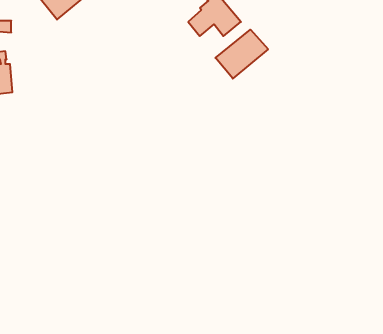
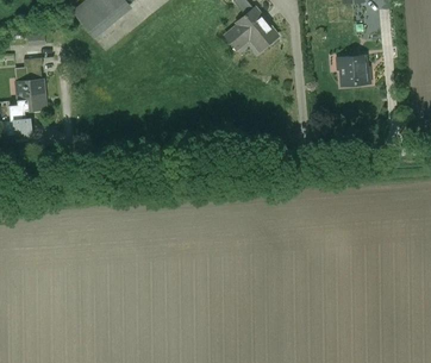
building: [215,30,268,79] -> none
building: none -> [341,56,370,85]

